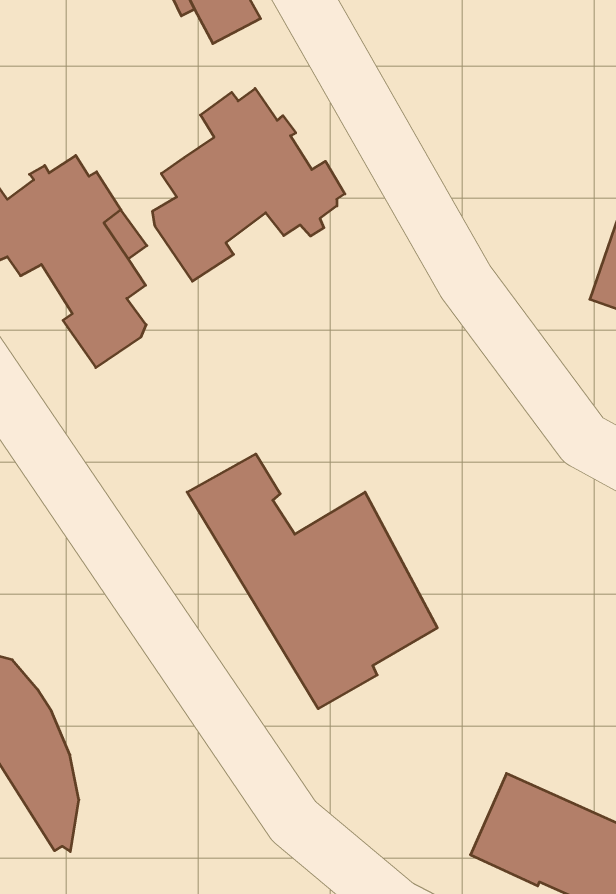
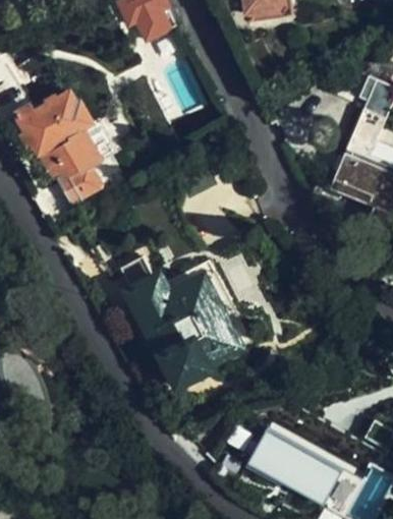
building: [153,88,345,281] -> none

